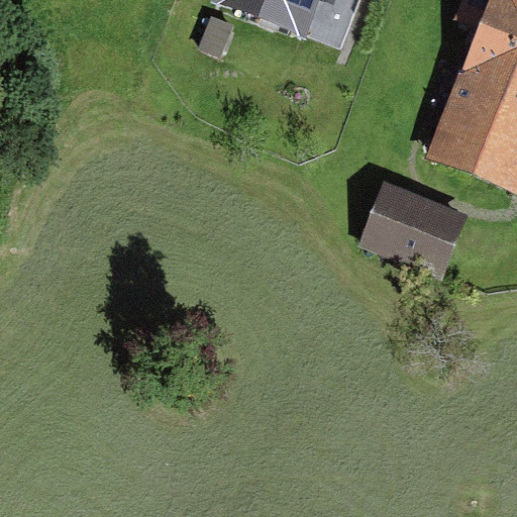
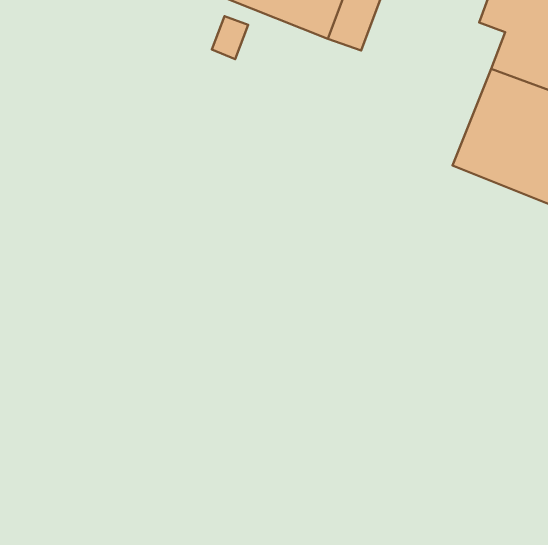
building: [359,182,466,276] -> none

